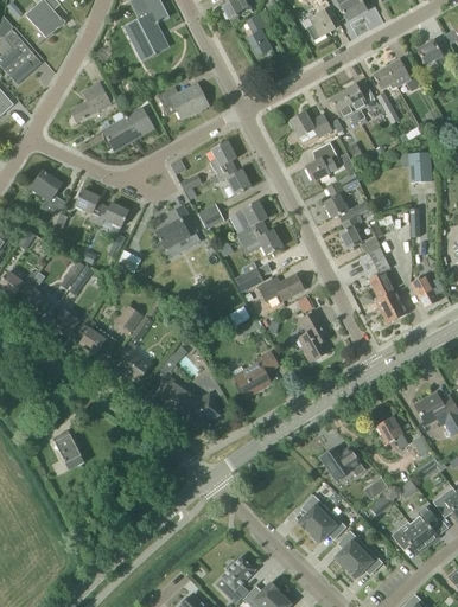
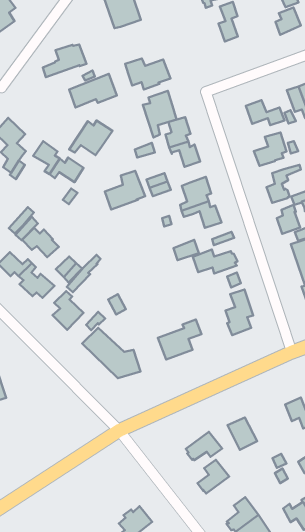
building: none -> [143,91,176,137]
building: none -> [69,121,112,155]
building: none -> [22,228,59,257]
building: [308,510,346,542] -> [186,432,222,460]

